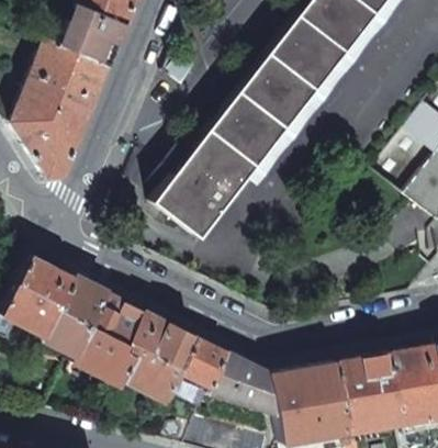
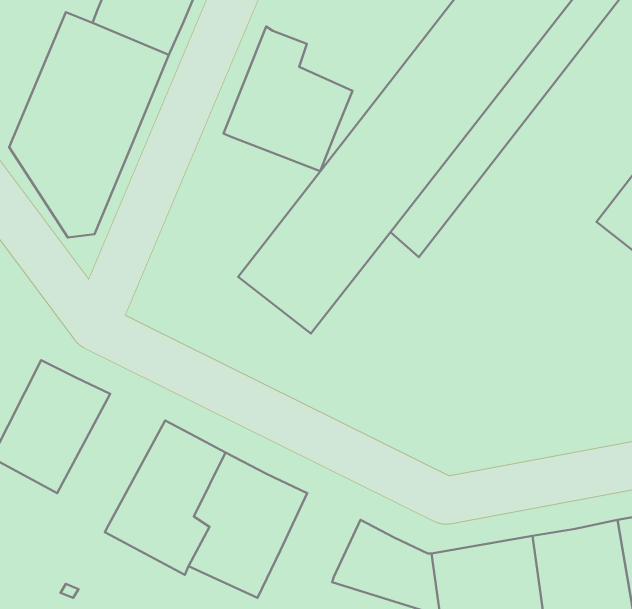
building: none -> [224,27,353,171]
building: [40,275,108,356] -> none
building: [179,336,228,388] -> none

